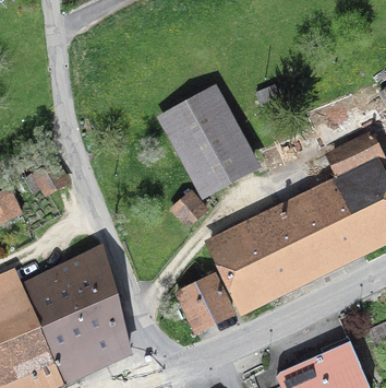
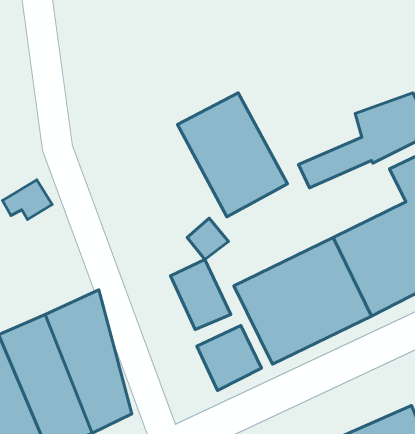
building: none -> [171,260,231,329]

